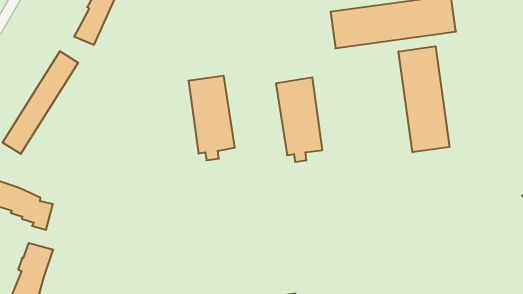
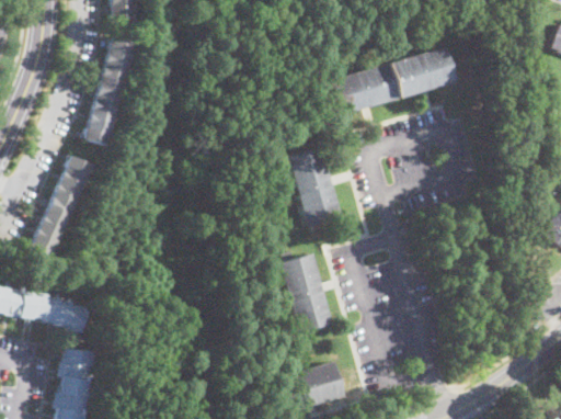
building: [399,46,449,152] -> none
building: [188,76,235,160] -> [279,252,334,338]

